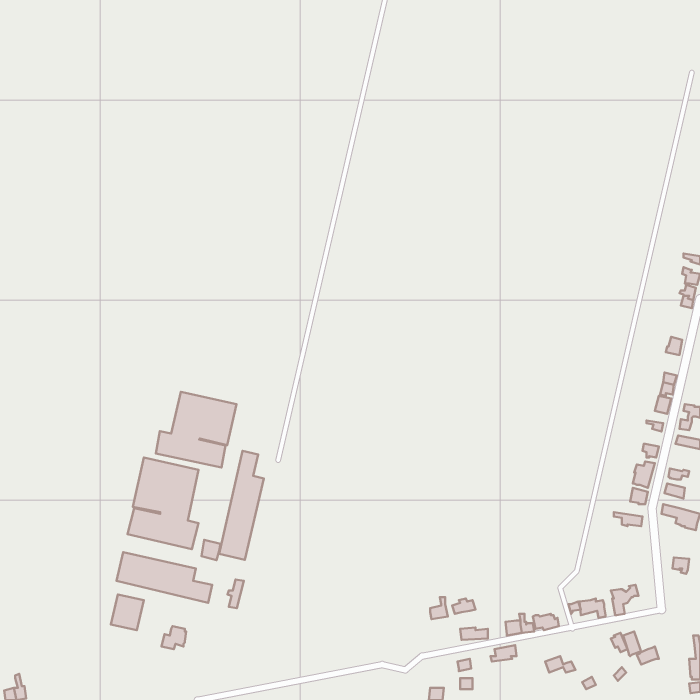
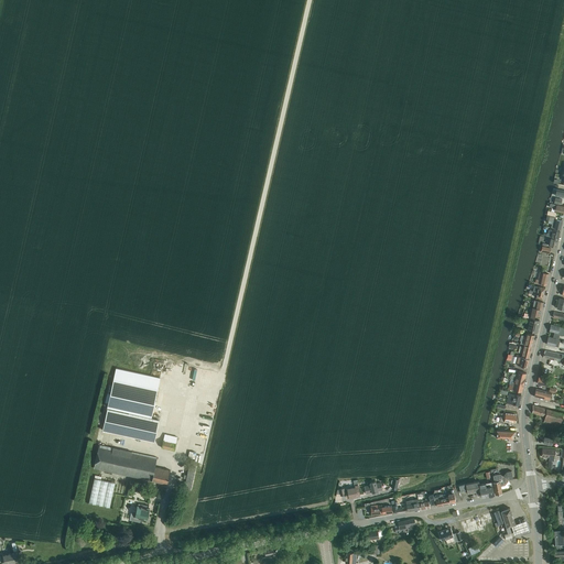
building: [156,392,237,468] -> none
building: [219,451,264,560] -> none

